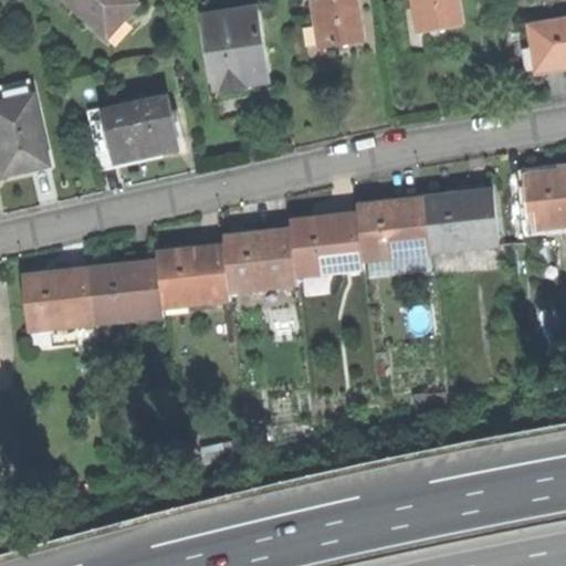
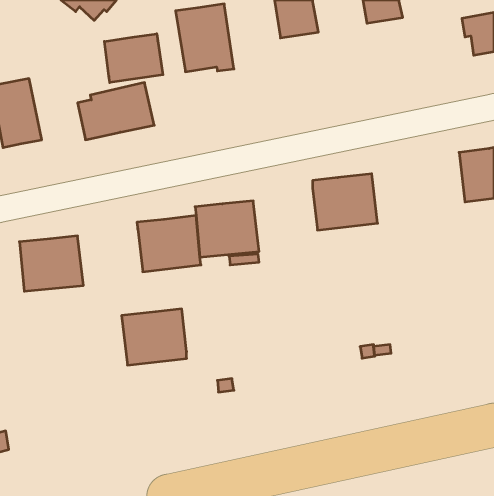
building: none -> [104,34,163,83]
building: [423,191,497,254] -> none
building: [289,214,363,277] -> none
building: [88,261,163,325] -> [122,309,187,365]

